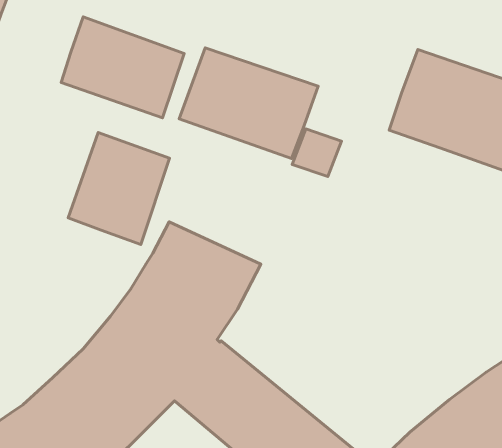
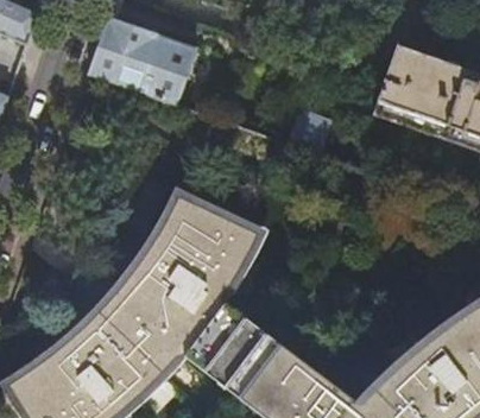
building: [179,48,318,158] -> none
building: [68,132,170,244] -> none

